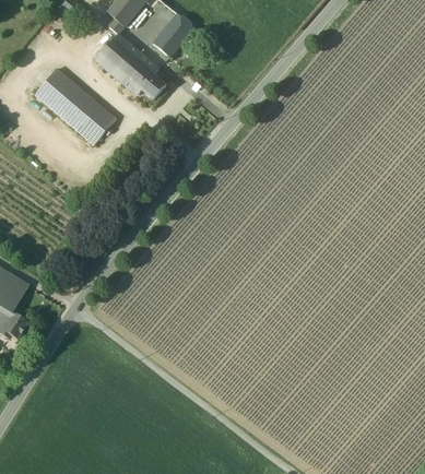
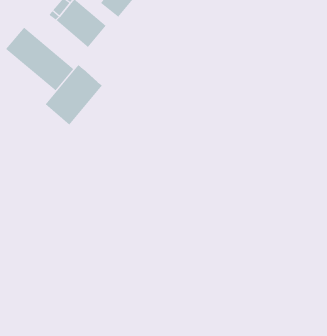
building: [133,67,167,100] -> none
building: none -> [45,64,103,126]

